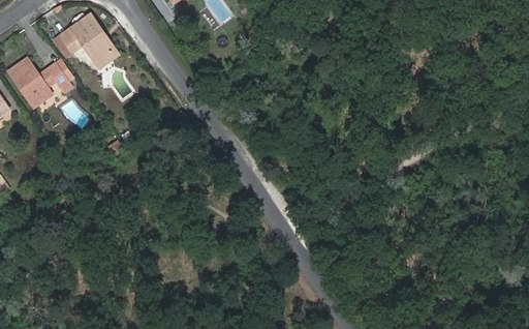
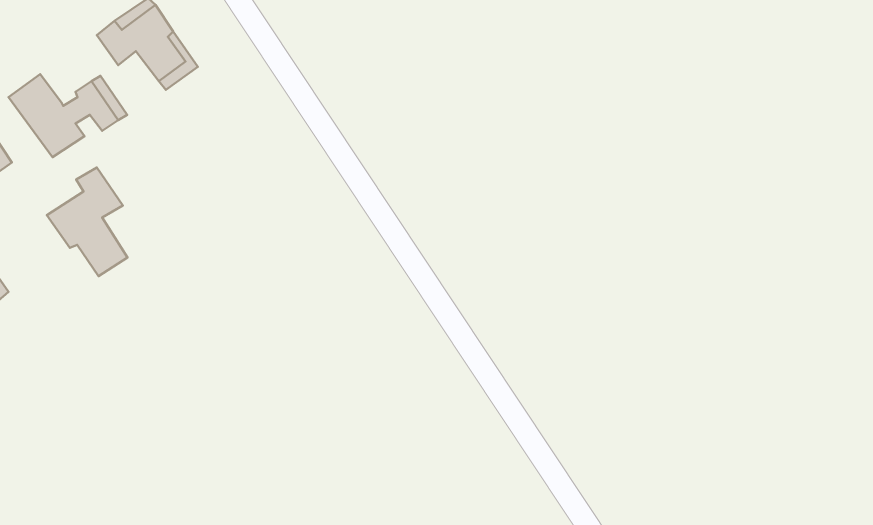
building: none -> [47,167,128,276]

